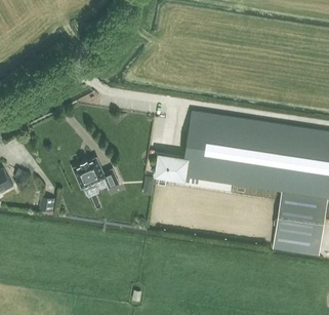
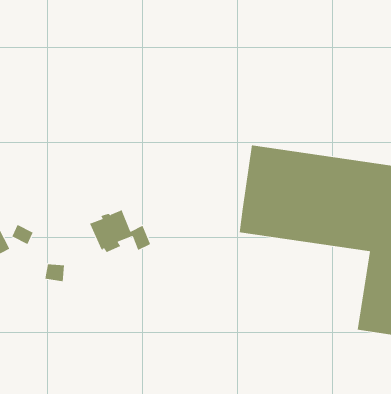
building: [156,155,186,178] -> none

